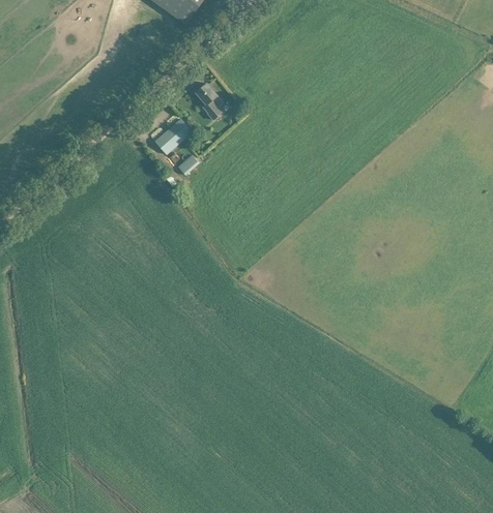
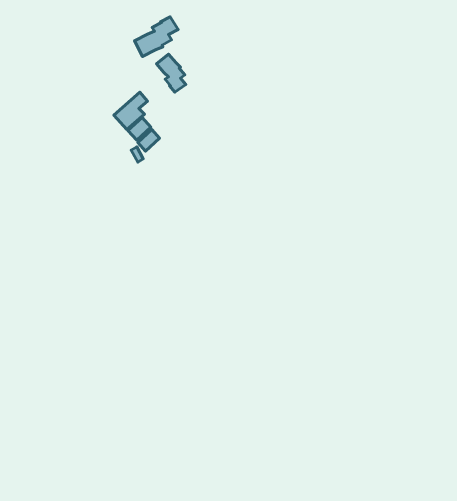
building: none -> [134,17,178,56]

